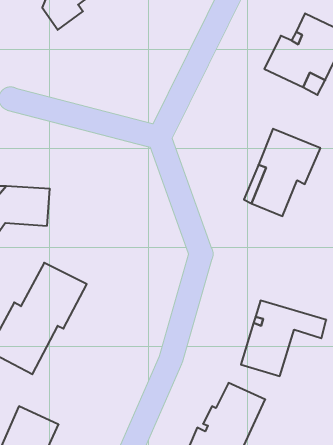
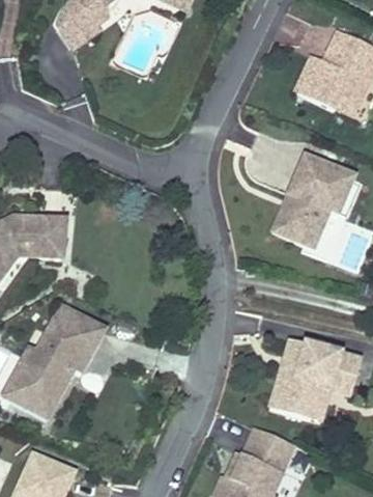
building: none -> [312,369,356,422]

